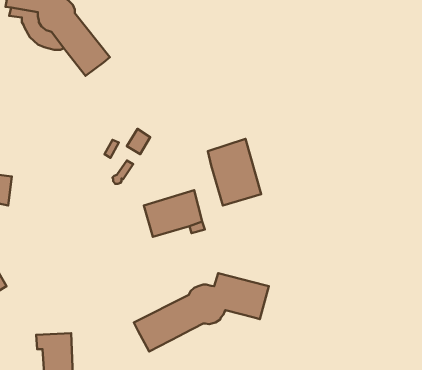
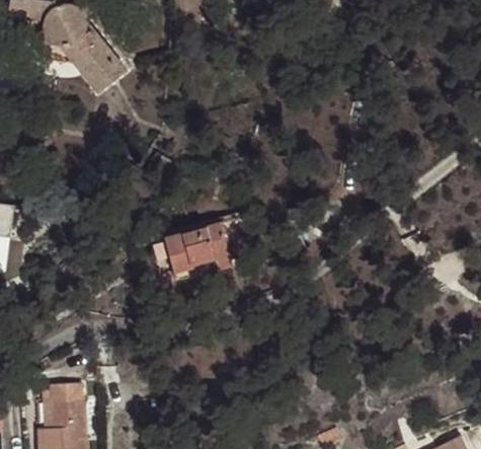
building: [208,139,261,206] -> none
building: [134,273,269,351] -> none

